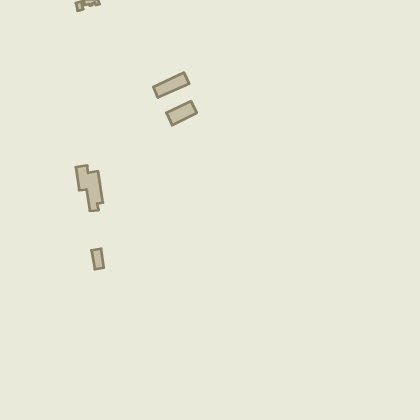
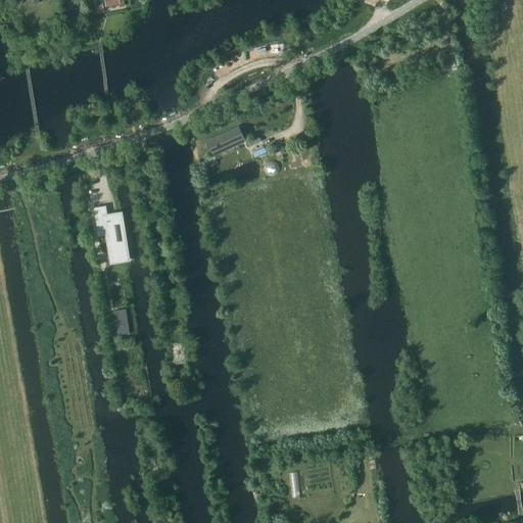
building: [153,73,189,98] -> none

